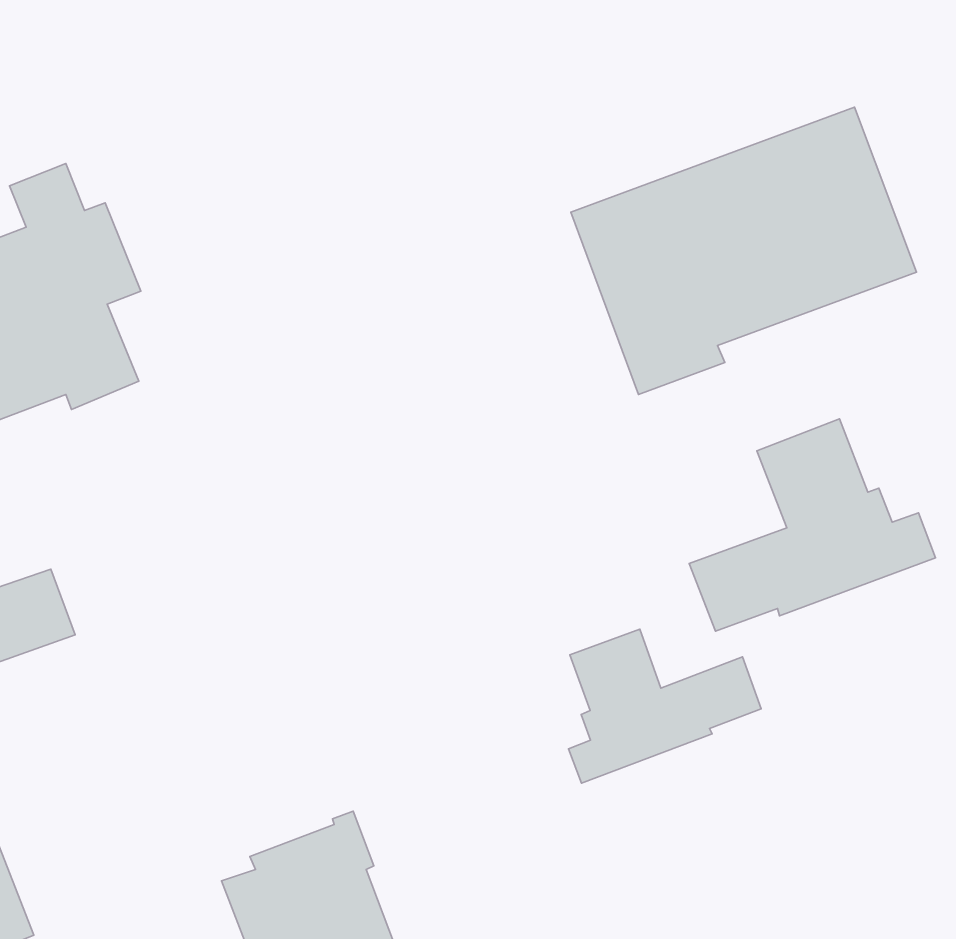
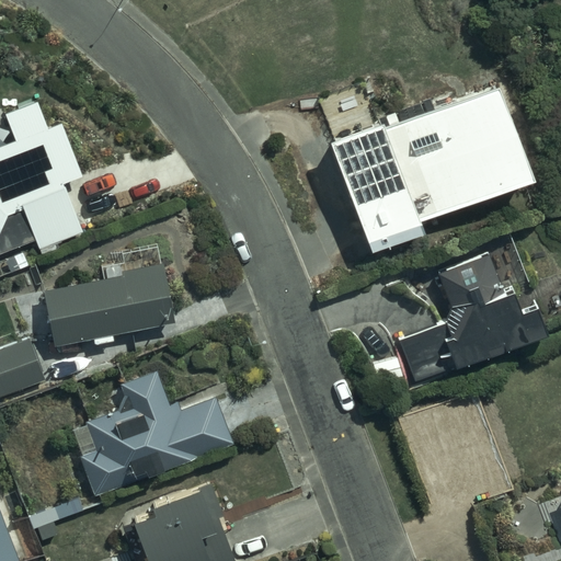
building: none -> [44,267,170,347]
building: none -> [79,373,229,497]
building: [569,629,761,783] -> none

